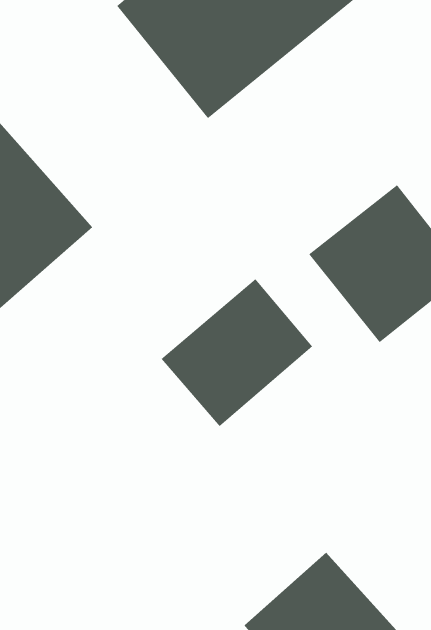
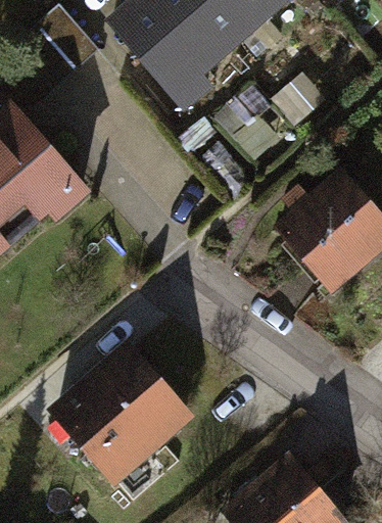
building: [161,278,313,427] -> none
building: none -> [48,332,197,482]

